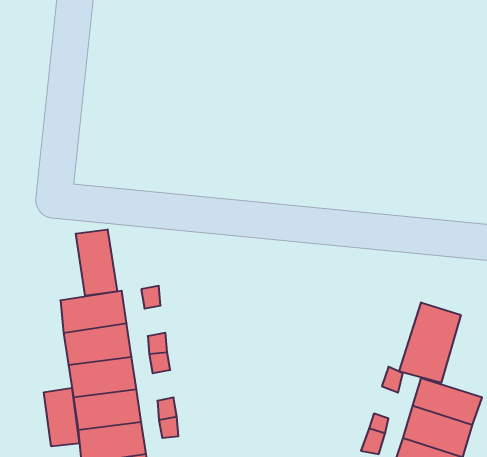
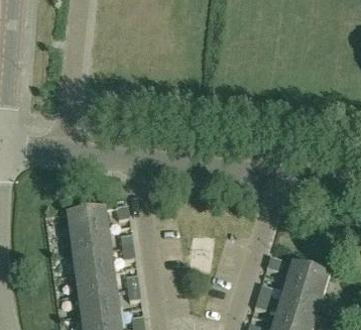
building: [76,229,117,296] -> none
building: [399,302,461,383] -> none
building: [44,388,79,446] -> none

